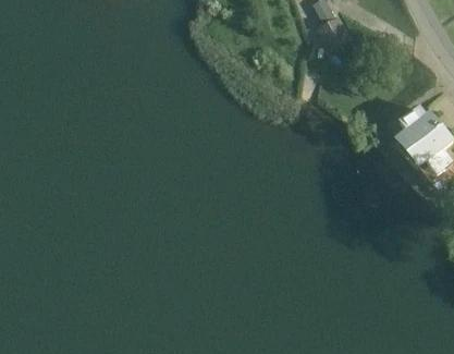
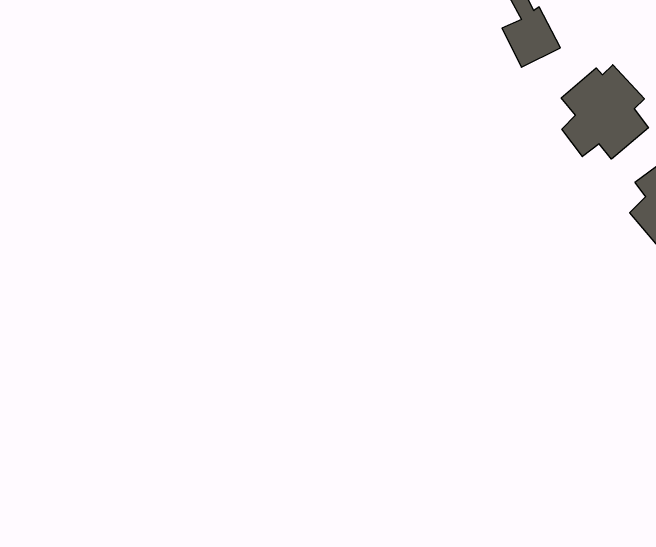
building: none -> [561,65,648,159]

